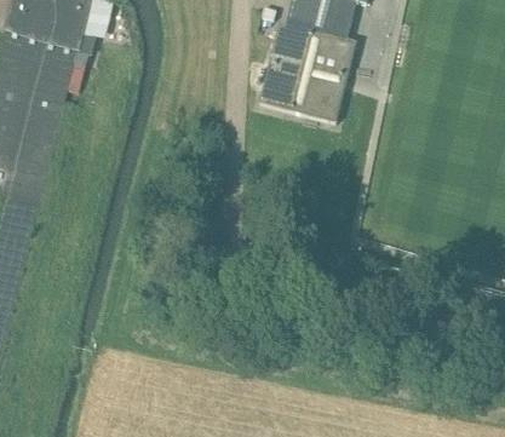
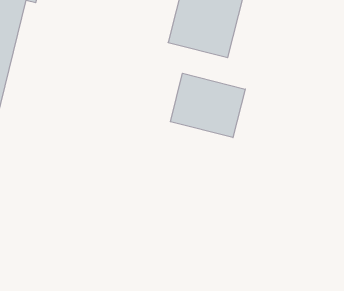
building: none -> [170,73,245,138]

